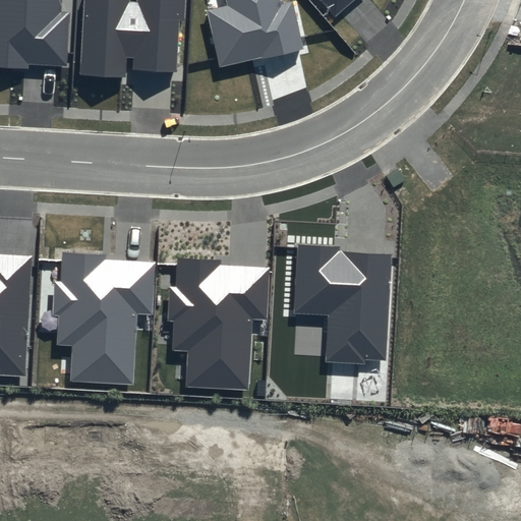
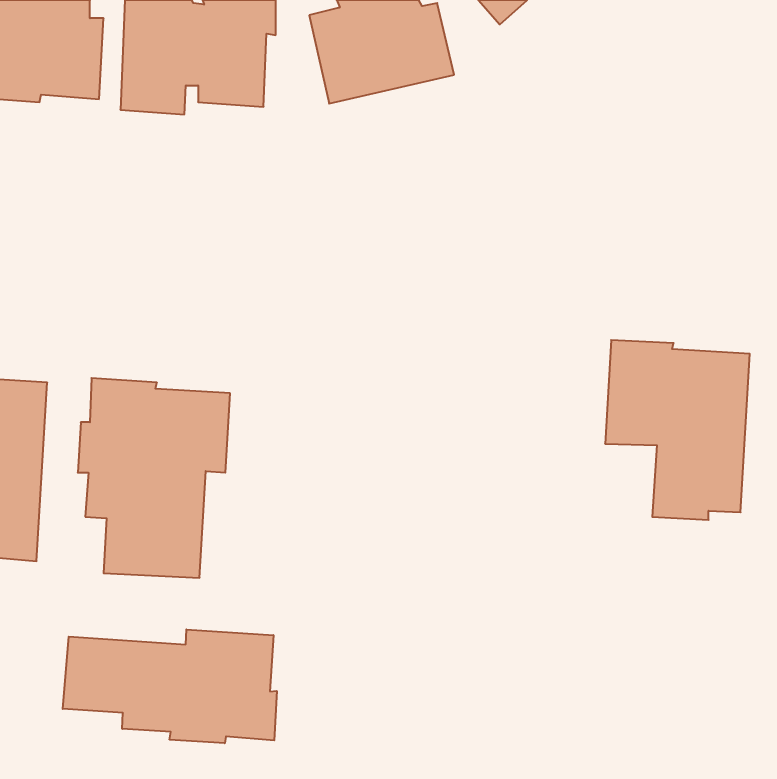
building: [294,244,391,364] -> [605,340,750,520]
building: [167,257,269,391] -> none
building: none -> [63,629,277,743]

